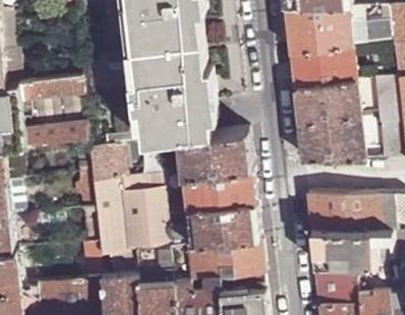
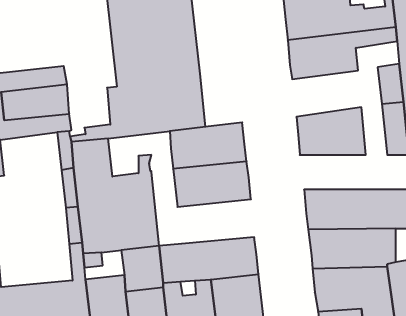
building: [296,77,361,121] -> none
building: [188,198,261,240] -> none

